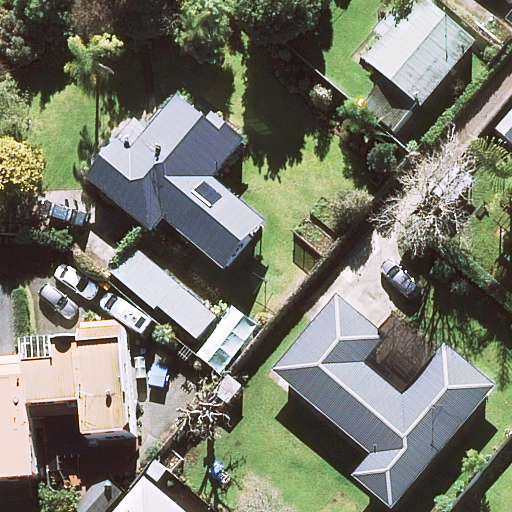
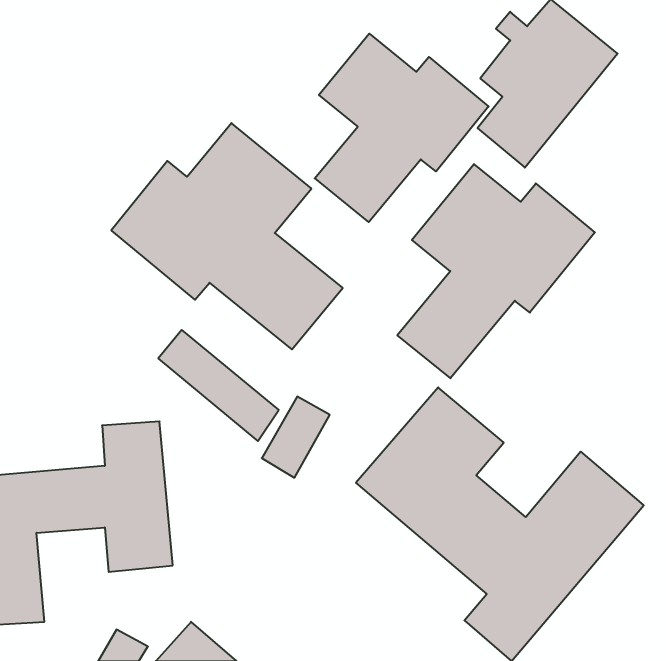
building: none -> [315,34,489,222]
building: none -> [397,164,595,378]

